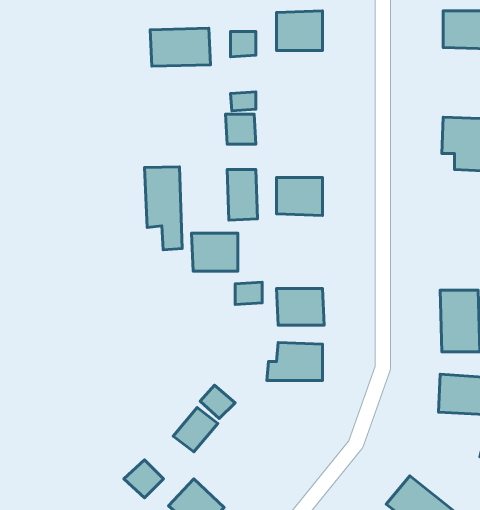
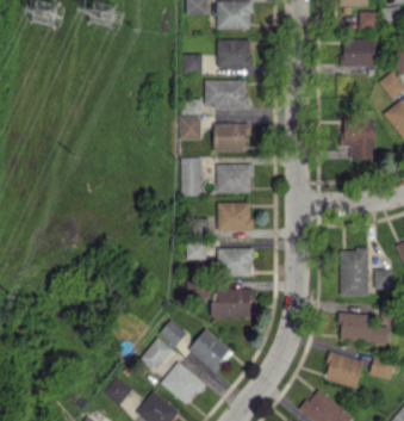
building: [150,28,210,66] -> [204,80,249,109]
building: none -> [213,123,249,151]
building: [144,167,182,250] -> none
building: [192,233,238,271] -> [217,203,251,231]
building: none -> [188,329,232,372]
building: none -> [323,353,365,389]
building: none -> [161,363,204,405]

